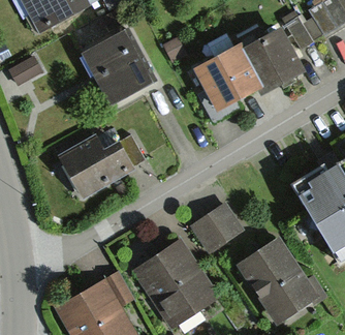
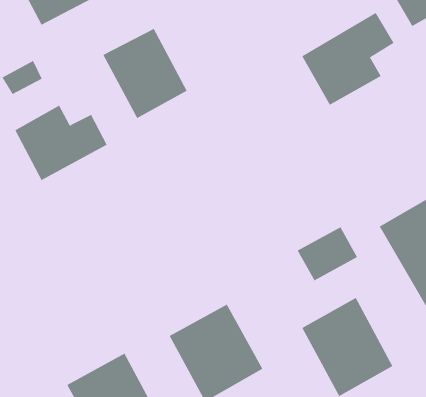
building: [197,48,256,105] -> none
building: [58,134,130,193] -> [14,105,107,181]
building: [193,207,241,249] -> [297,226,358,281]

